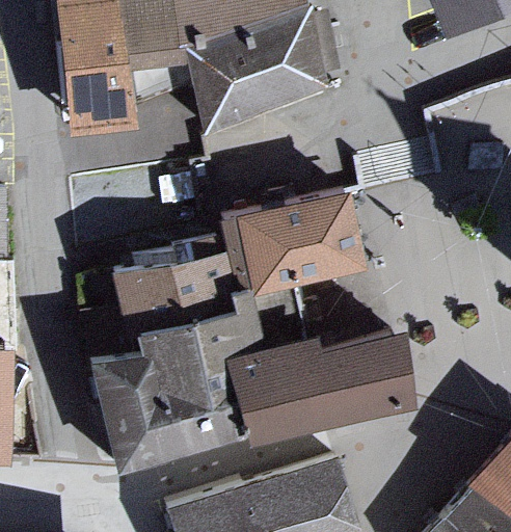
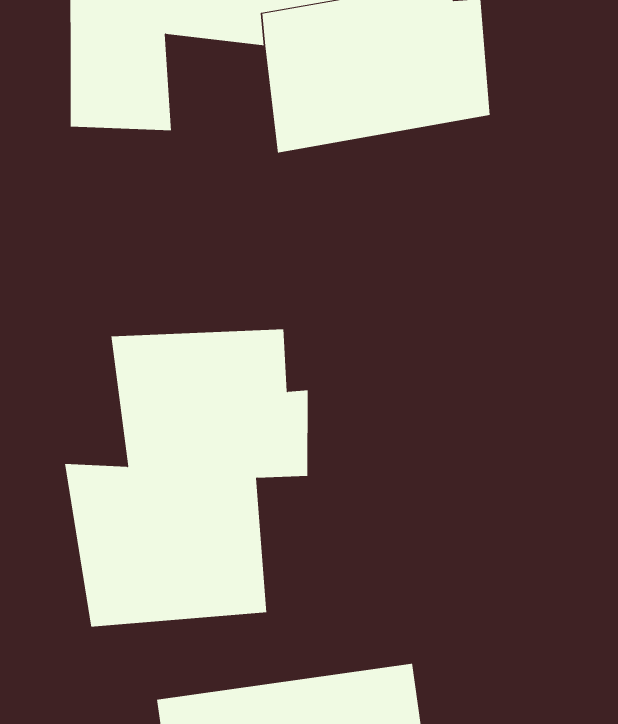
building: [224,191,362,294] -> none
building: [221,323,407,440] -> none

